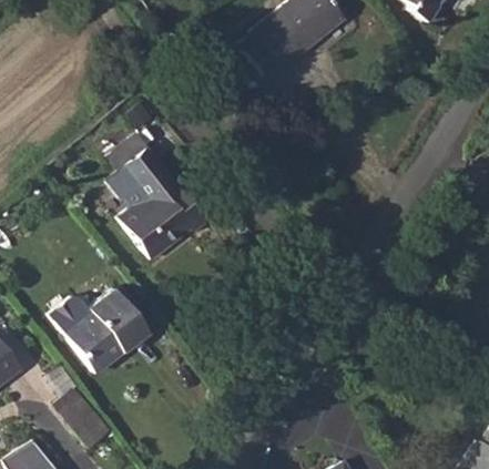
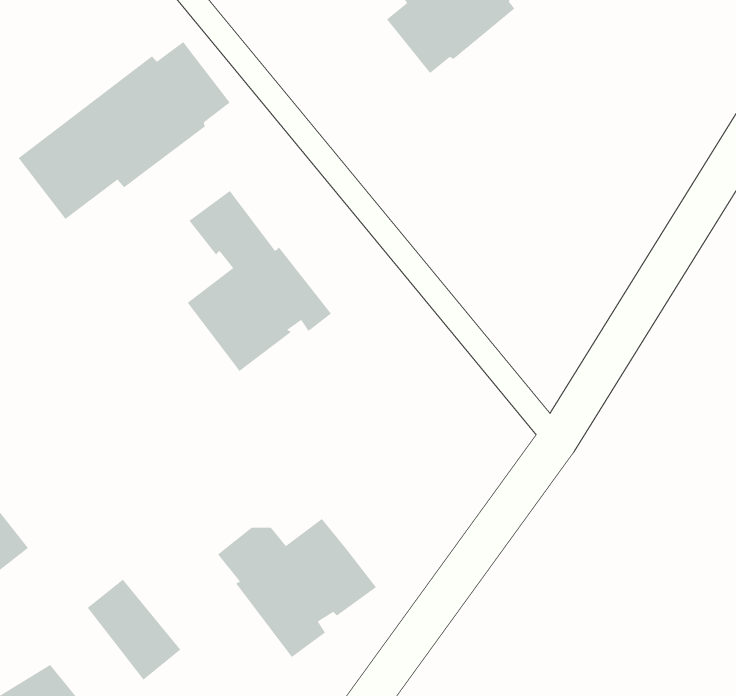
building: none -> [18,41,231,220]
building: [50,289,147,375] -> [217,518,377,658]

